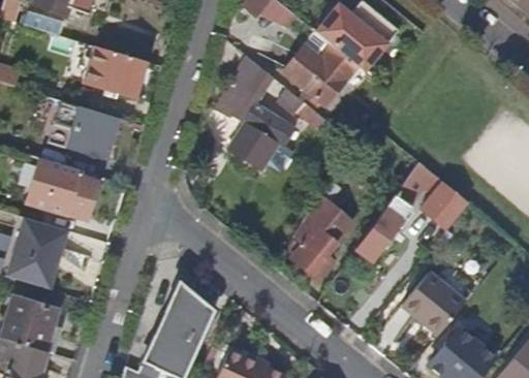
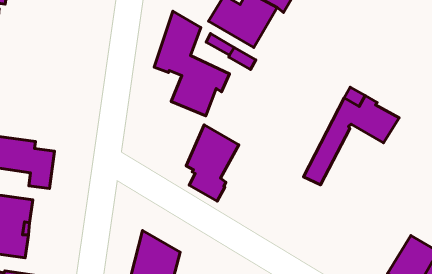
building: [84,45,146,97] -> none
building: [54,99,120,159] -> none
building: [293,197,352,280] -> [186,125,239,201]
building: [402,274,465,336] -> none

